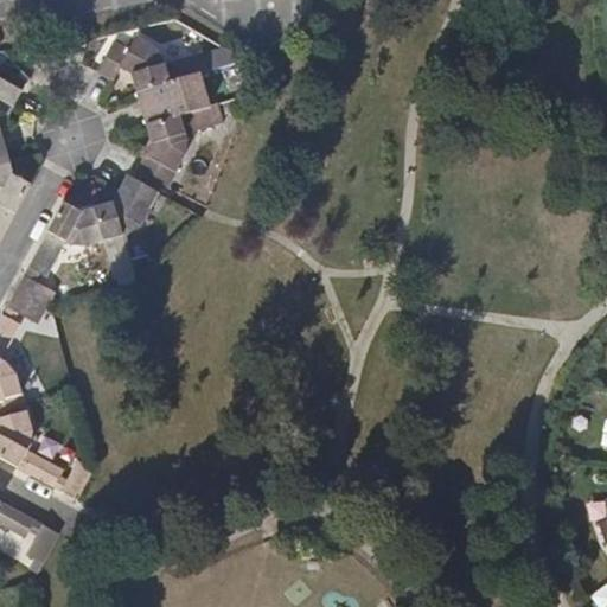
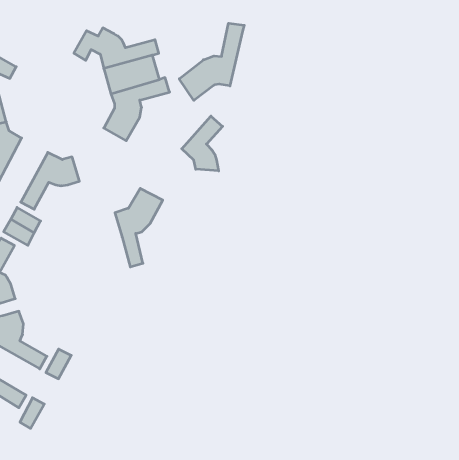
building: none -> [179,23,244,100]
building: none -> [182,116,223,171]
building: [95,174,158,277] -> [115,188,163,267]

